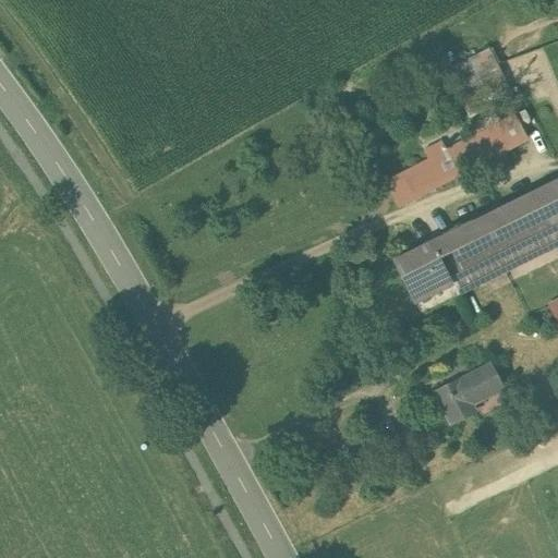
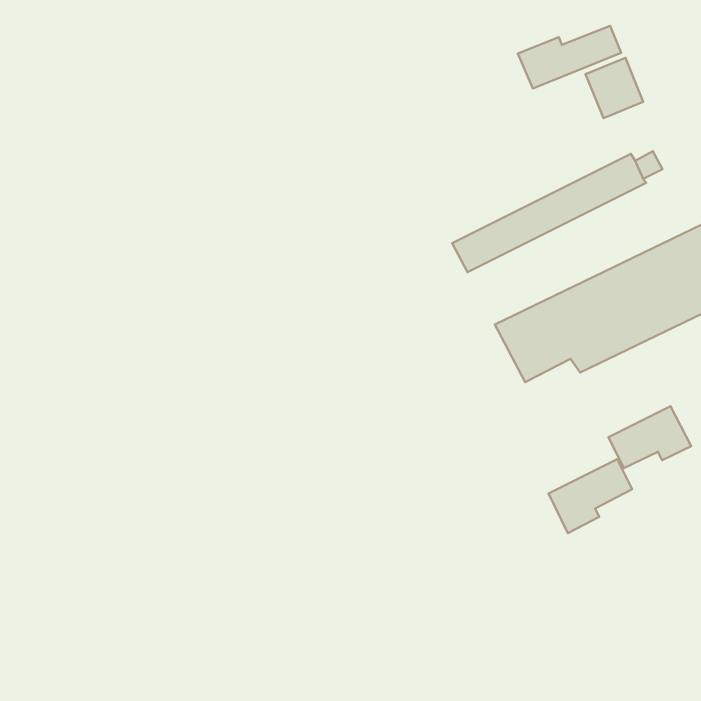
building: none -> [518,26,621,89]
building: none -> [608,406,691,468]

